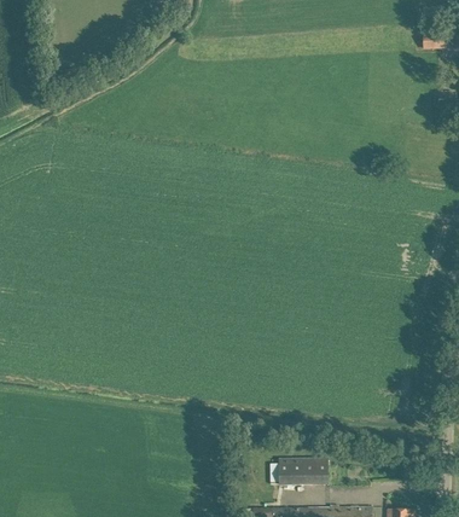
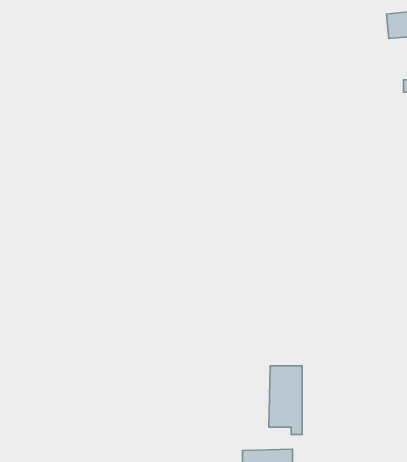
building: none -> [269,366,302,434]

